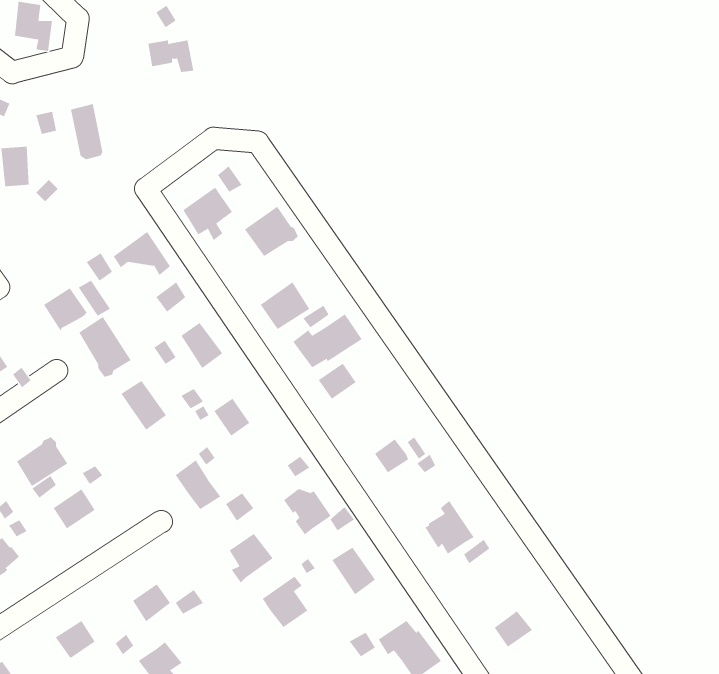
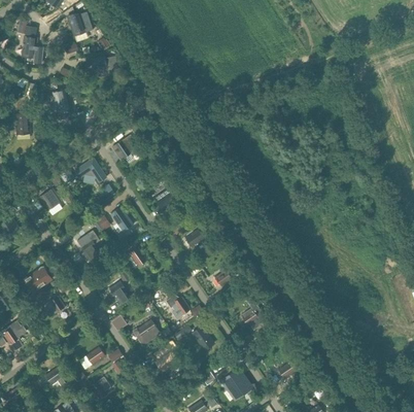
building: [244,206,298,257] -> none
building: [293,313,363,368] -> none
building: [79,316,132,378] -> none

